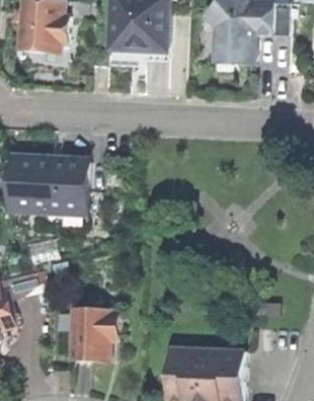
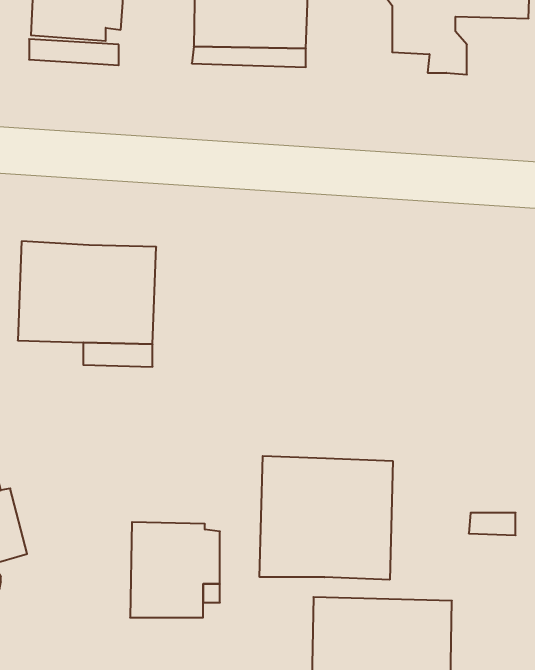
building: none -> [260,456,393,580]

